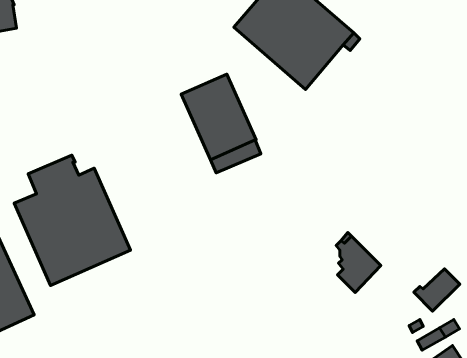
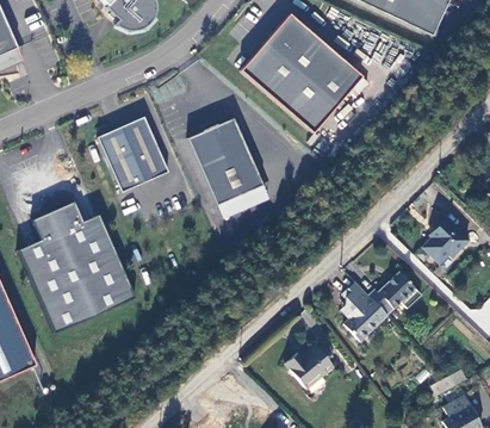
building: none -> [97,114,168,191]
building: none -> [423,215,469,260]
building: [414,269,460,311] -> [370,268,416,311]
building: none -> [286,341,334,386]

